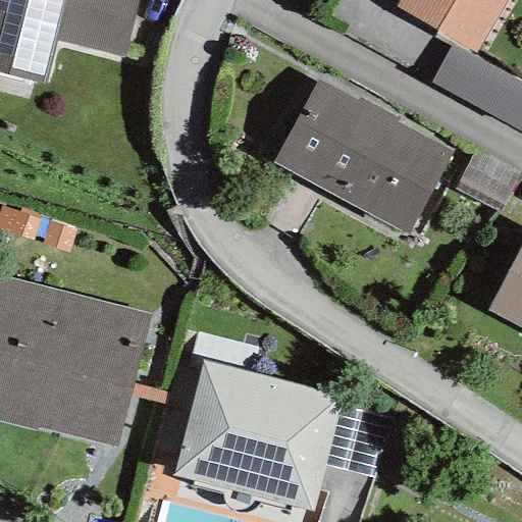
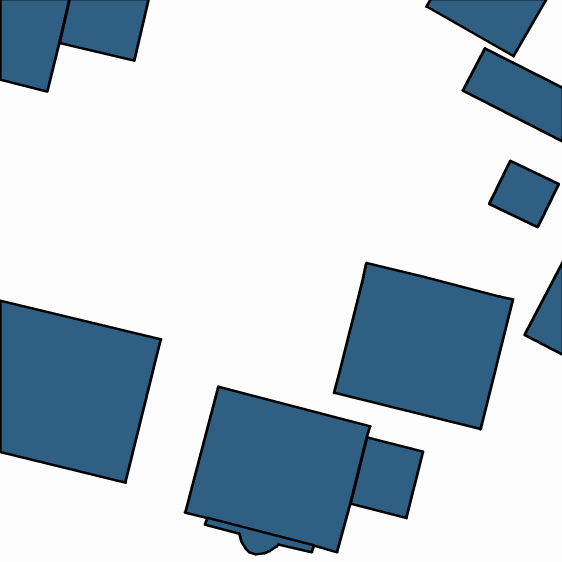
building: [272,77,453,233] -> none
building: none -> [334,263,513,429]

